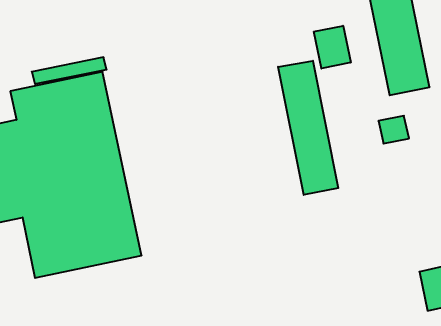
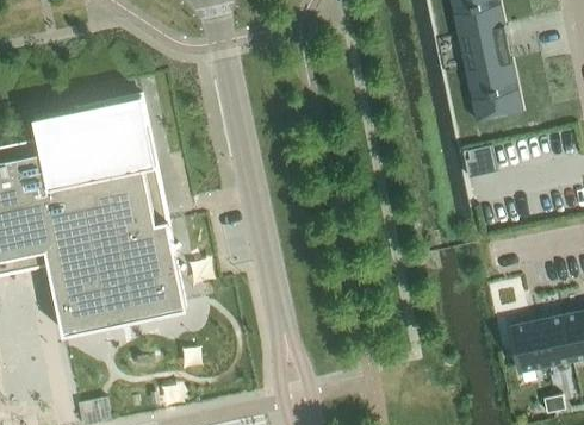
building: [314,26,351,69] -> none
building: [278,61,338,195] -> none

